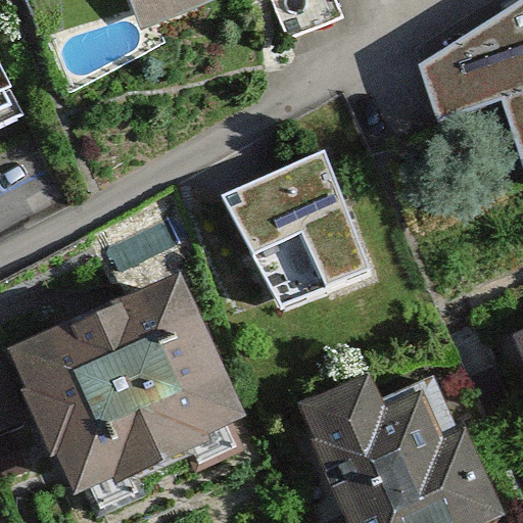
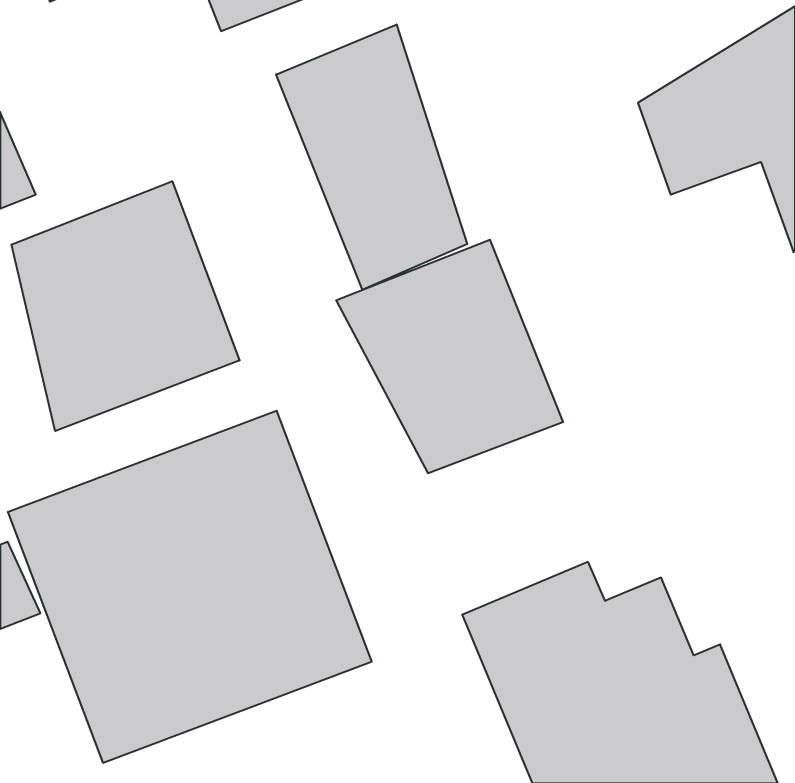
building: none -> [276,24,467,290]
building: none -> [12,181,240,431]

